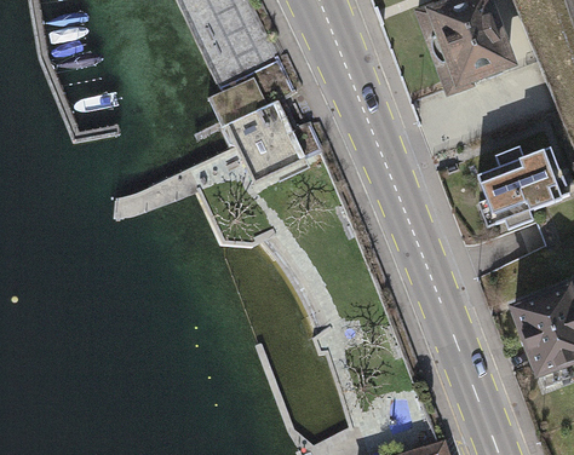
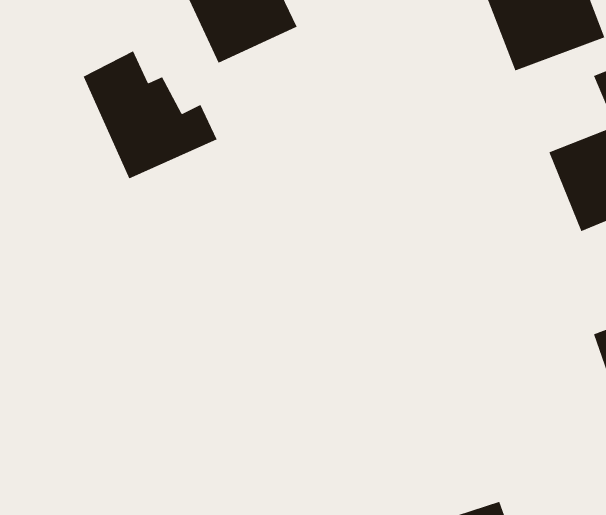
building: [213,75,320,177] -> [83,51,218,179]

